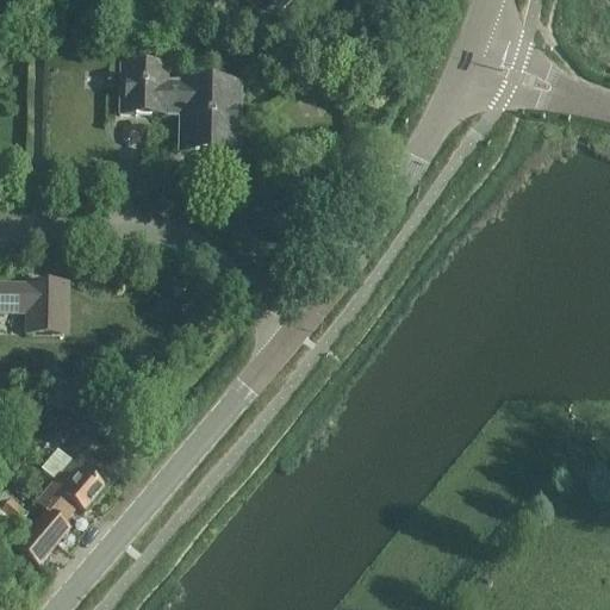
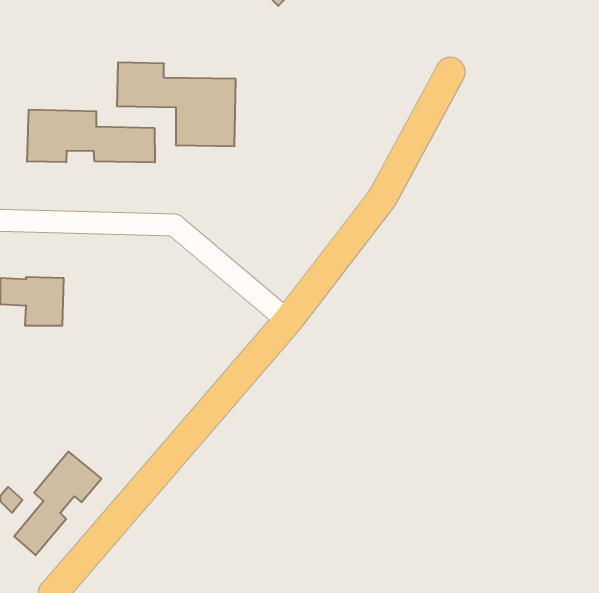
building: none -> [27,110,155,163]

